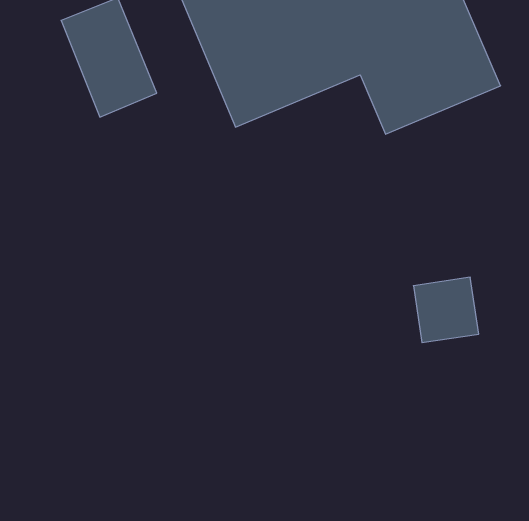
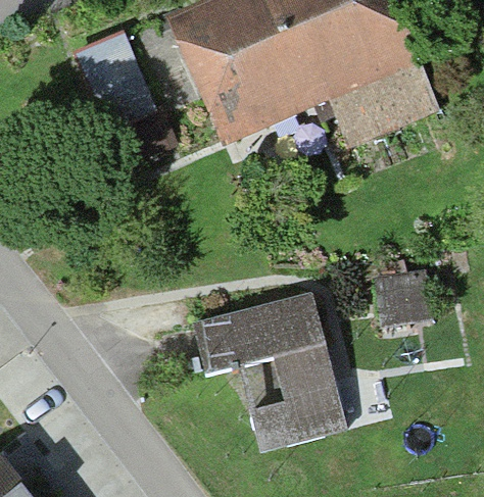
building: none -> [189,293,345,449]

